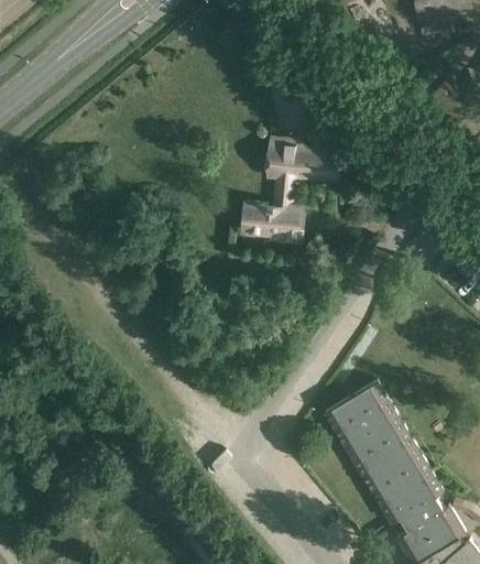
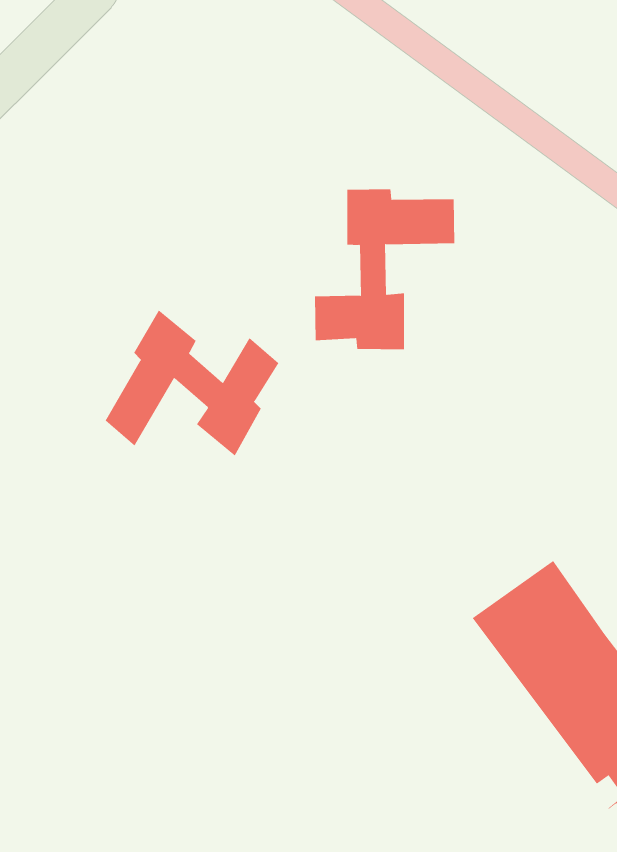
building: none -> [105,309,279,457]

